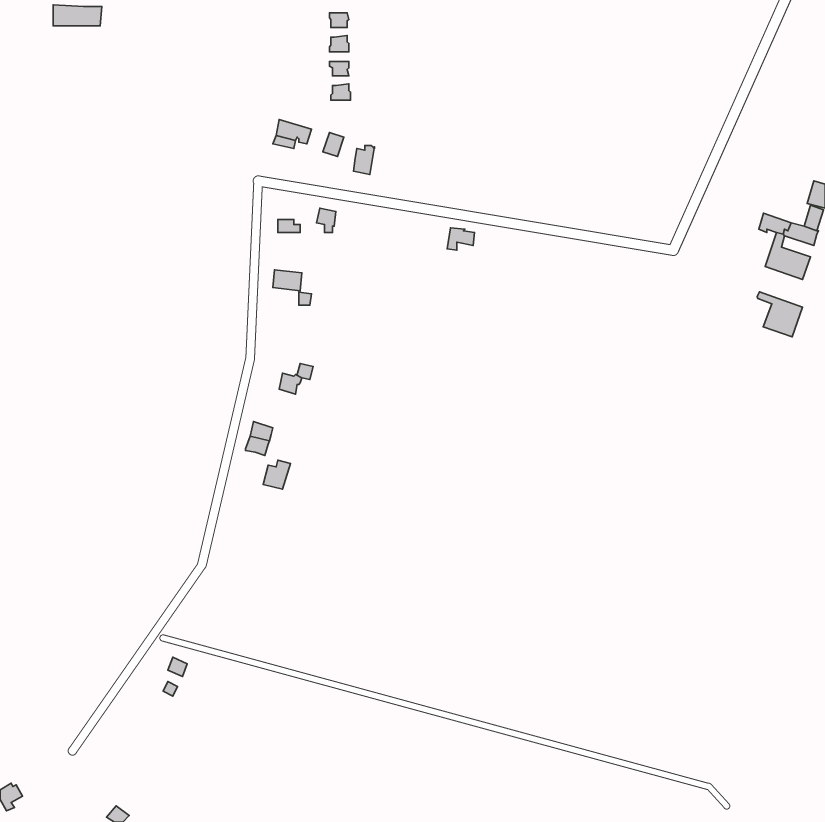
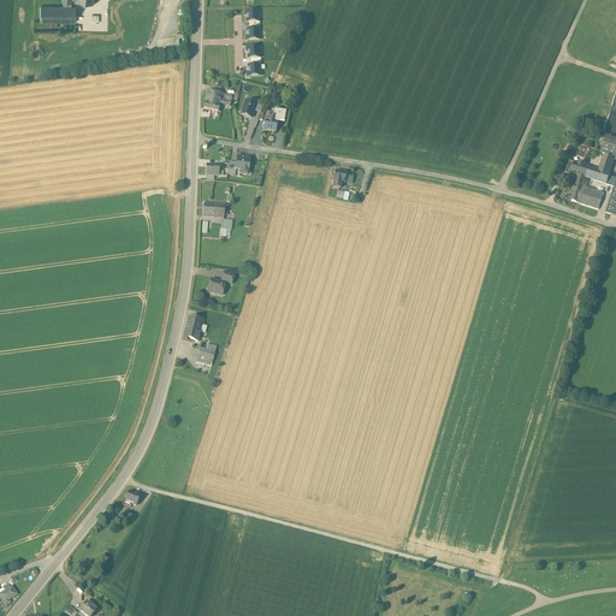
building: [757,292,802,337] -> none

